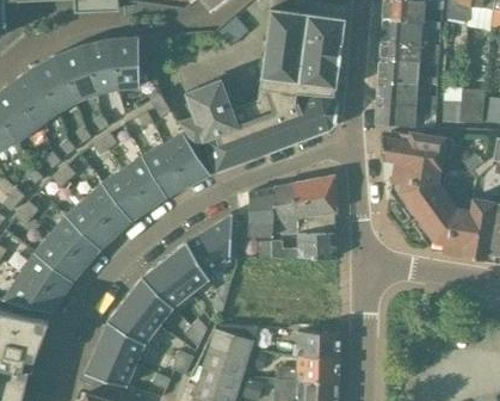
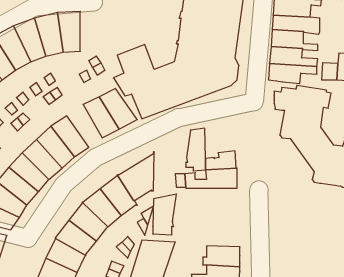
building: [122,154,166,208] -> none
building: [295,177,337,222] -> none
building: [247,186,277,237] -> [153,194,176,235]

